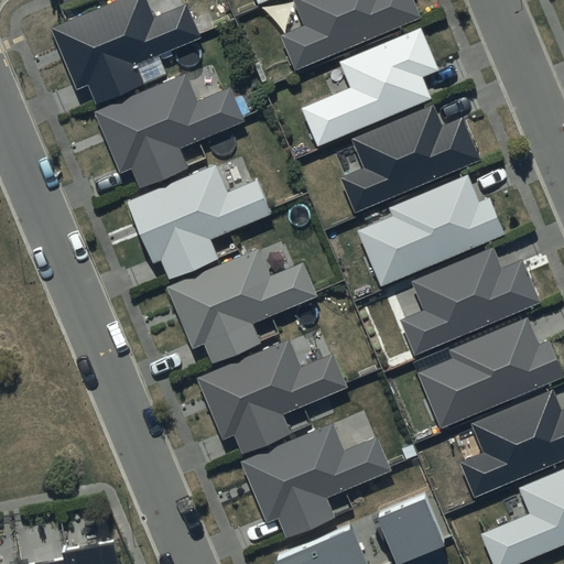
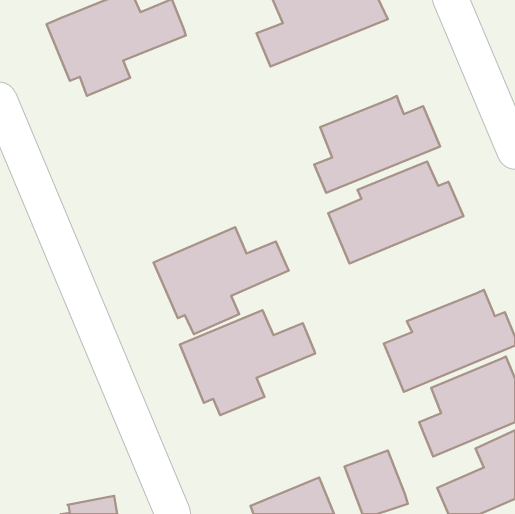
building: [303,26,438,145] -> none
building: [94,73,242,187] -> none
building: [126,164,270,280] -> none
building: [399,249,536,355] -> none
building: [242,424,391,539] -> none

